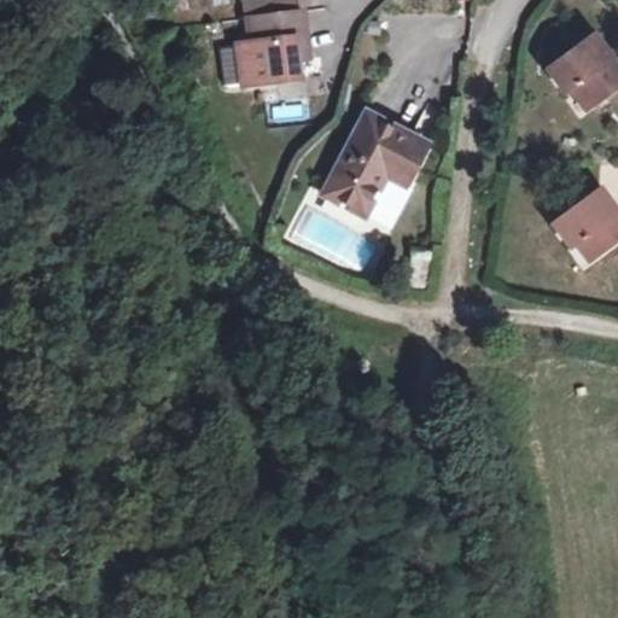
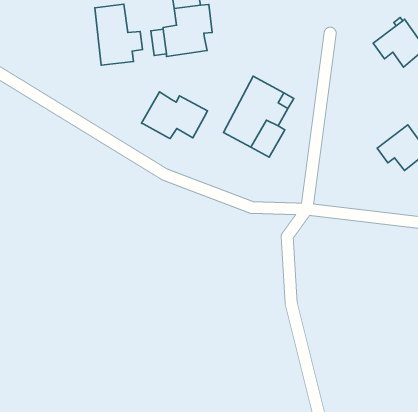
building: none -> [95,4,143,65]
building: none -> [141,92,208,139]

